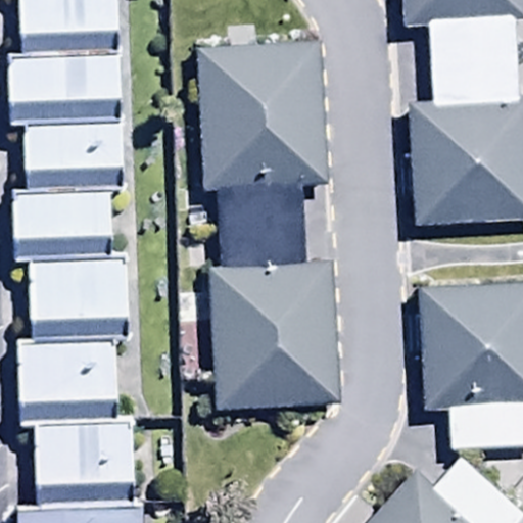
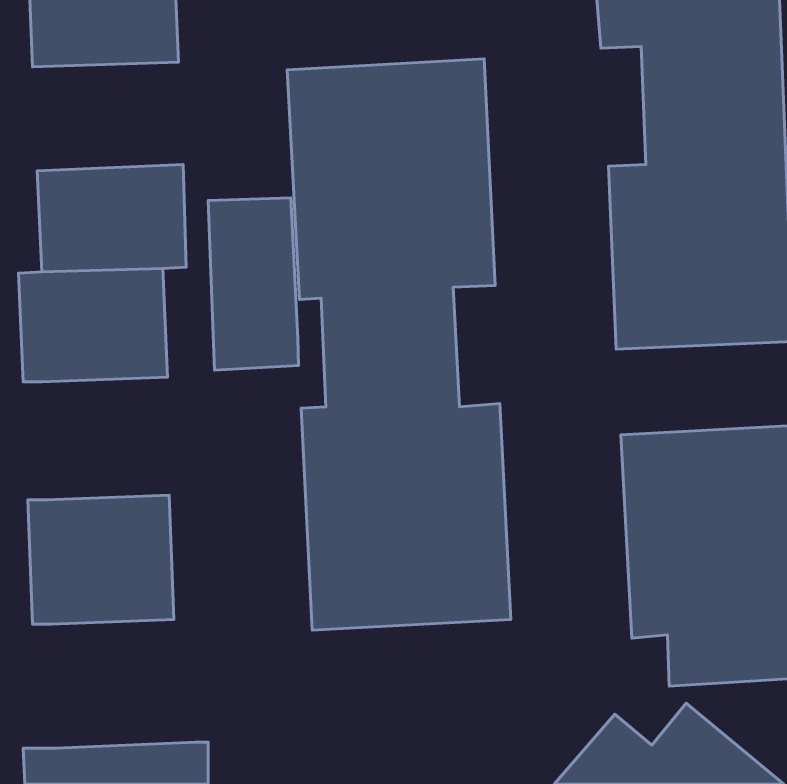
building: [11,41,125,112] -> none
building: none -> [208,198,298,370]
building: [32,247,129,329] -> none
building: [38,407,133,492] -> none

